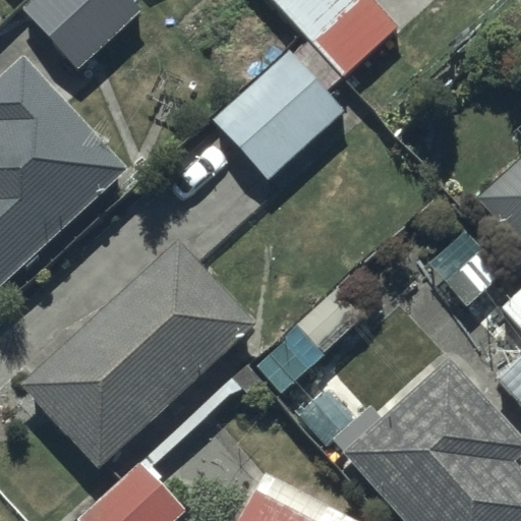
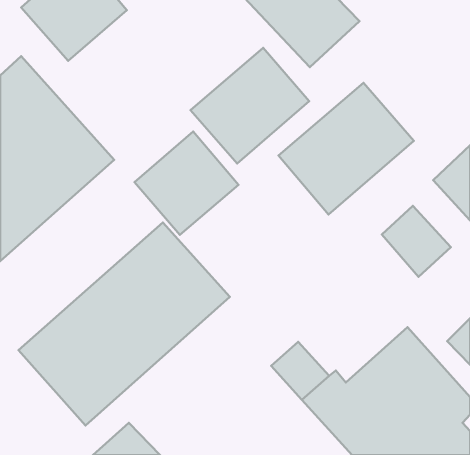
building: none -> [278,83,414,214]
building: none -> [134,132,239,235]

